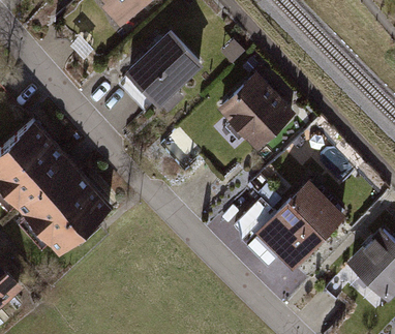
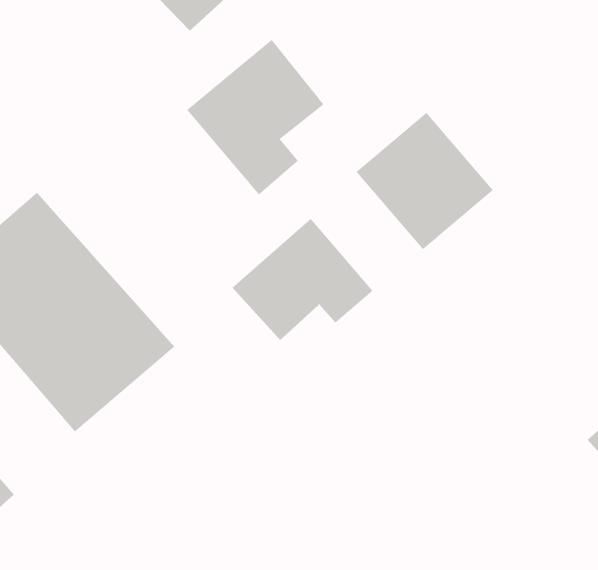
building: none -> [232,218,374,341]
building: [257,177,347,267] -> none

